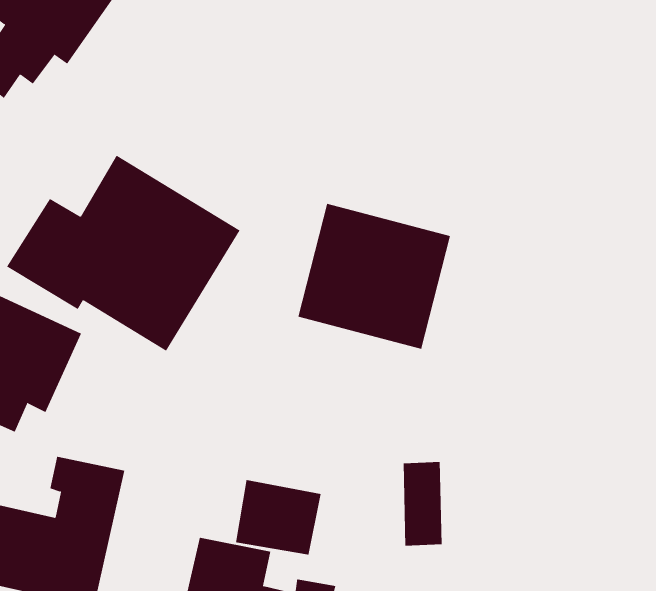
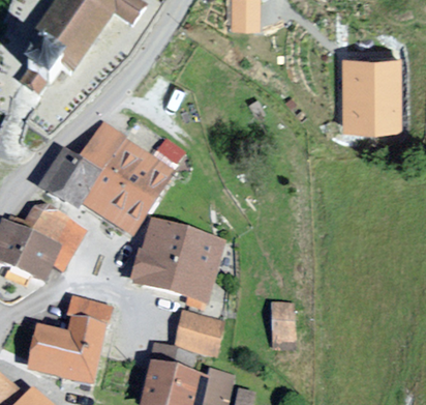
building: none -> [342,48,394,120]
building: [298,203,451,349] -> [133,221,221,305]

